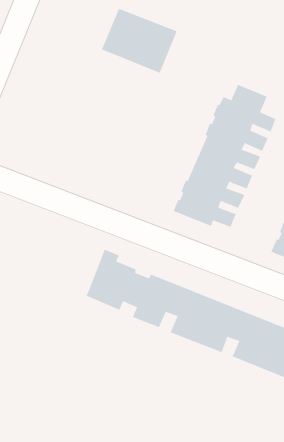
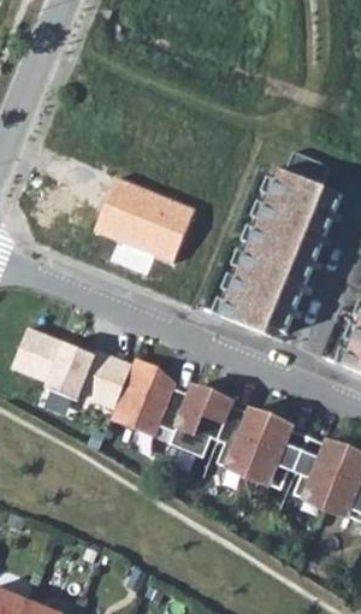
building: [101,8,178,74] -> [91,178,187,260]
building: none -> [8,324,131,409]

